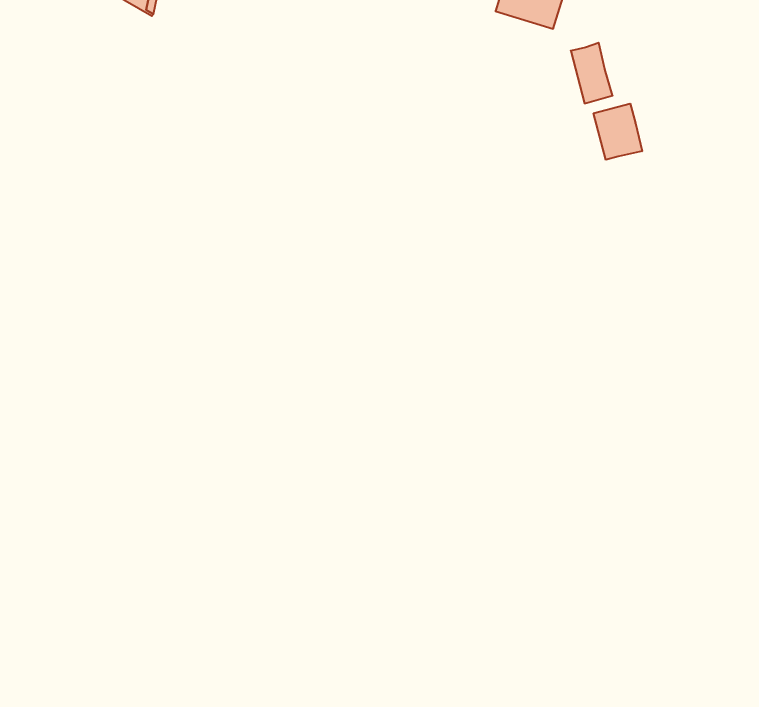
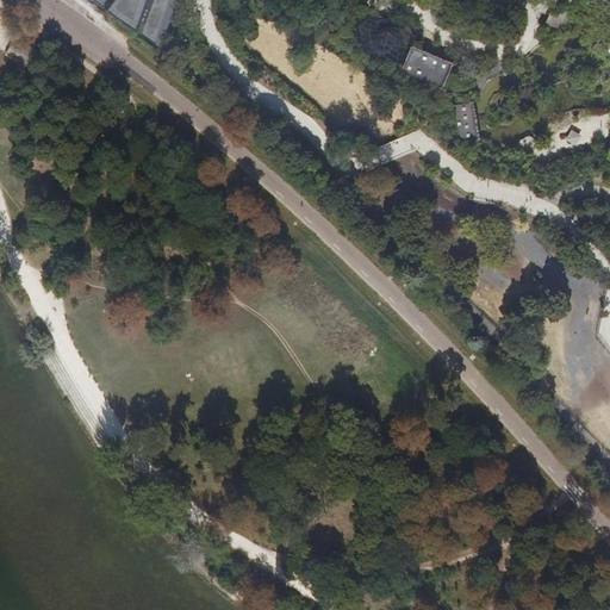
building: [594,104,642,160] -> none

